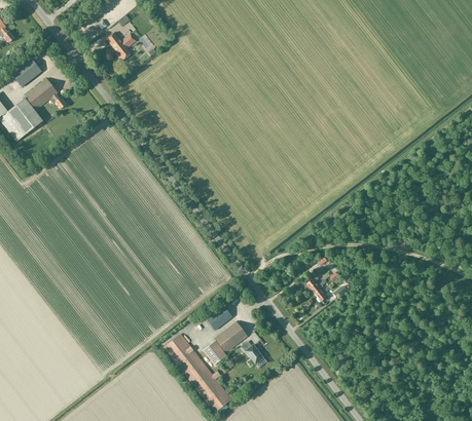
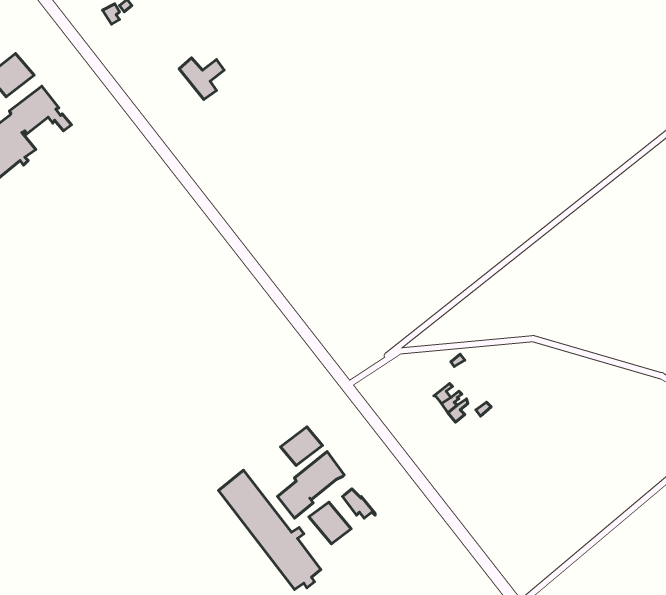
building: [106,32,136,60] -> [179,58,224,100]
building: none -> [309,502,351,544]

